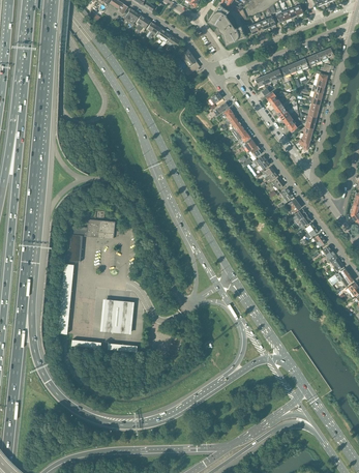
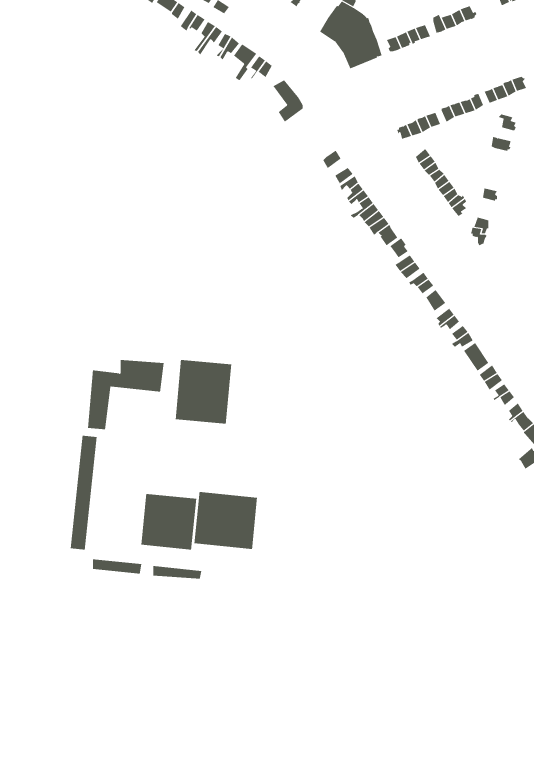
building: none -> [175,359,232,424]
building: none -> [194,491,258,550]

